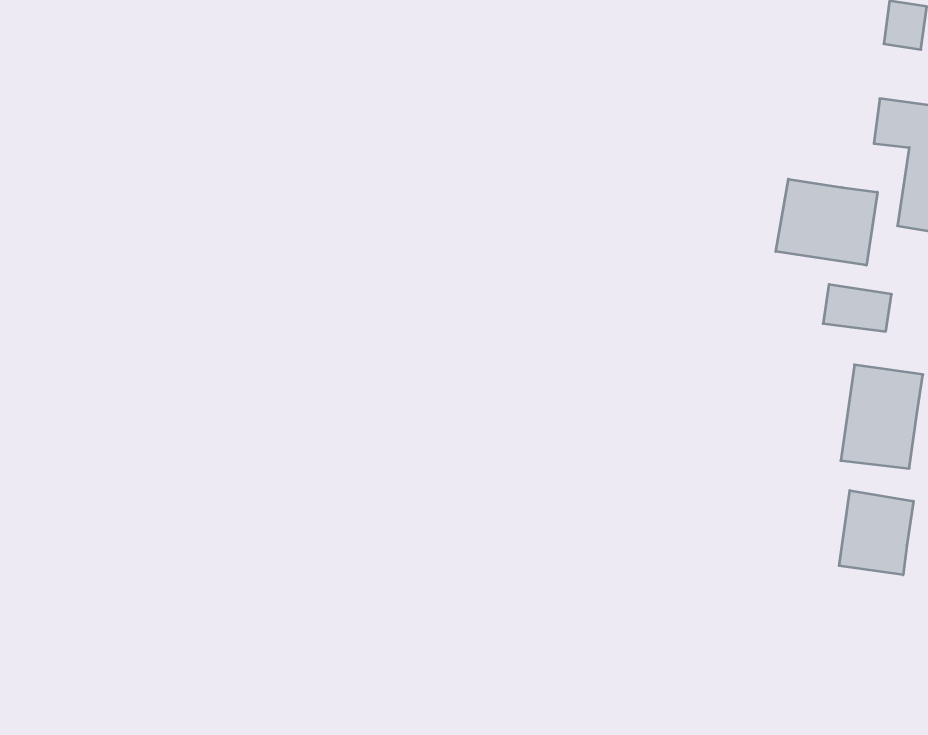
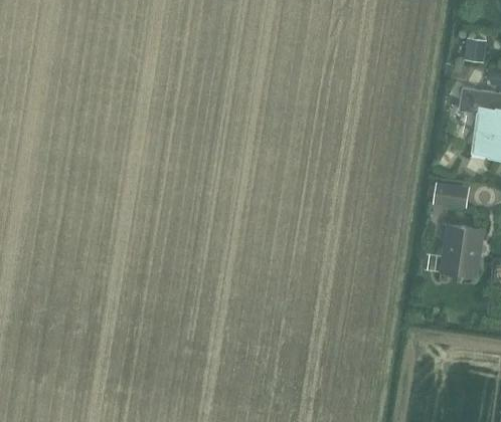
building: [776,179,877,265] -> none
building: [839,490,913,575] -> none

